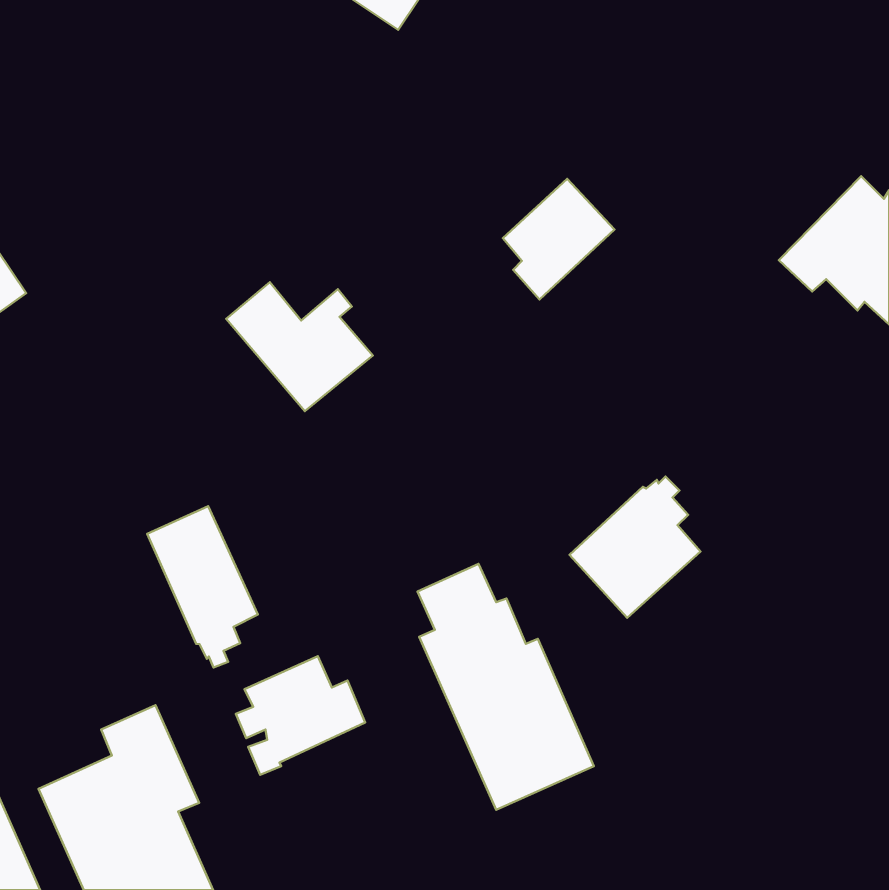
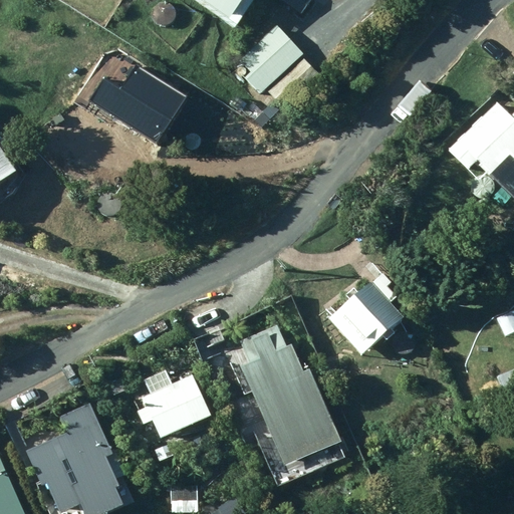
building: [503,179,614,299] -> [238,24,302,93]
building: [226,282,373,411] -> [95,75,180,150]
building: [147,506,258,667] -> none

